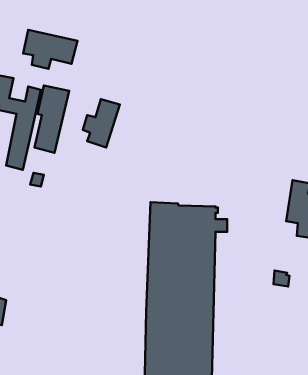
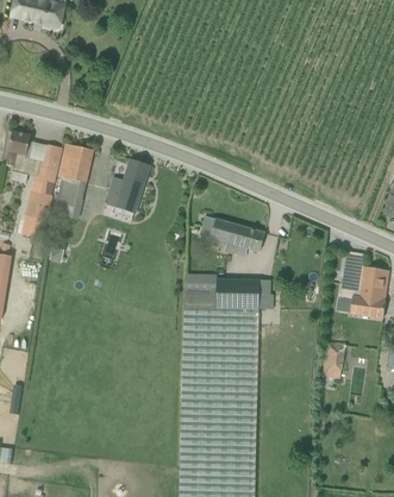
building: [23,30,77,69] -> none
building: none -> [201,215,265,256]

